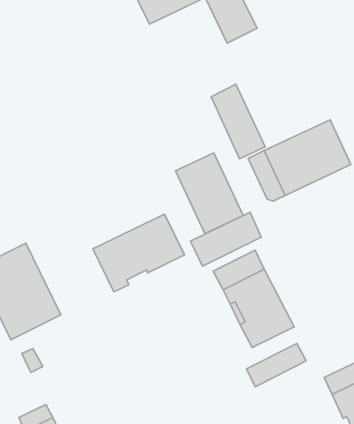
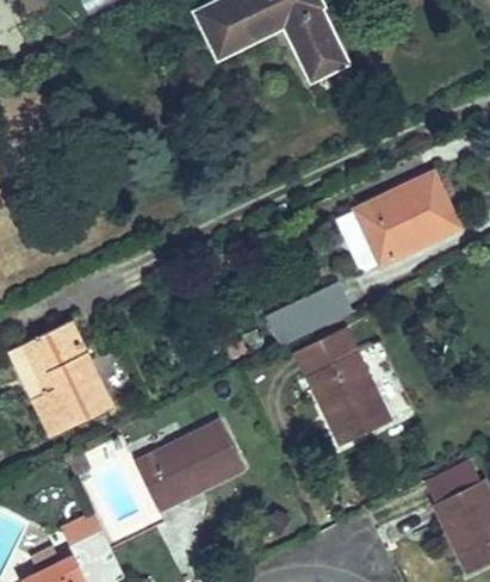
building: [211,84,265,159] -> none
building: [176,153,243,234] -> none
building: [93,214,185,292] -> [135,419,244,512]
building: [247,344,306,387] -> none

